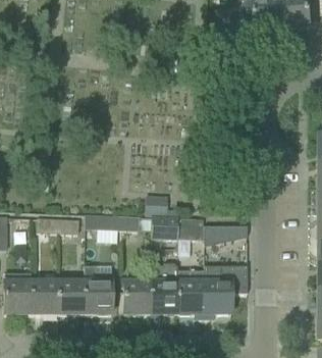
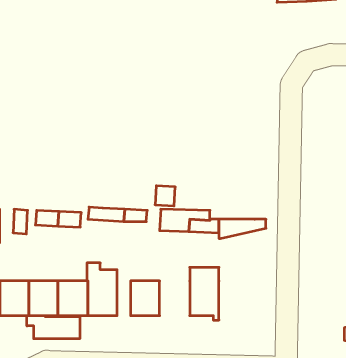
building: [148,266,175,319] -> none
building: [201,266,245,318] -> none
building: none -> [27,316,80,339]

